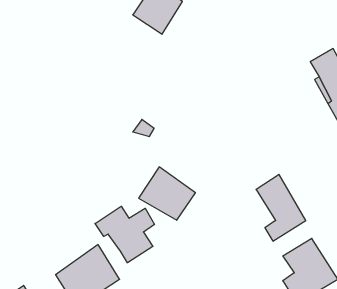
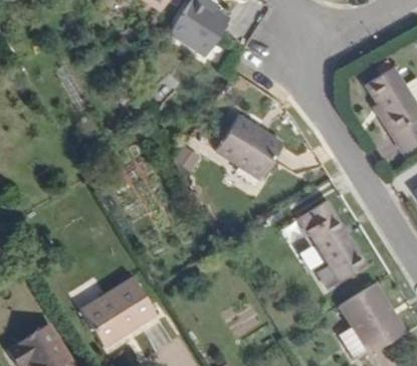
building: [139,167,195,220] -> [214,109,278,169]
building: [95,206,154,263] -> none

